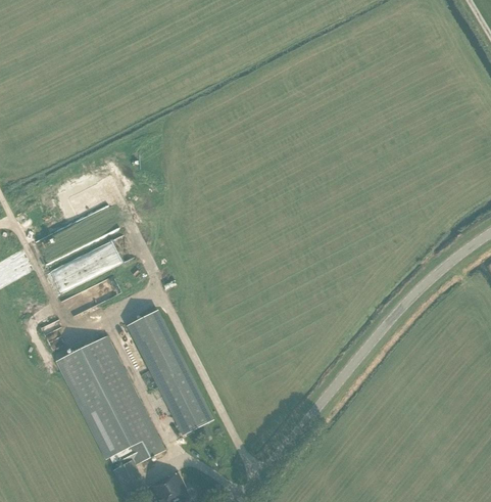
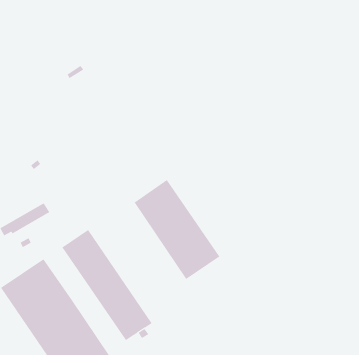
building: none -> [134,179,220,280]

